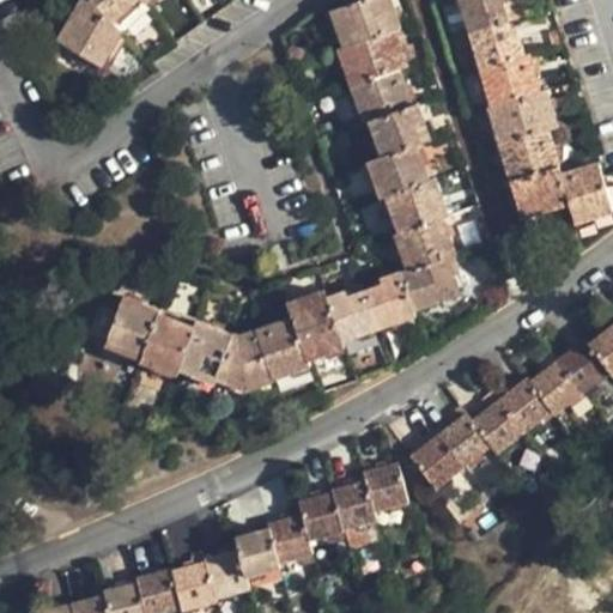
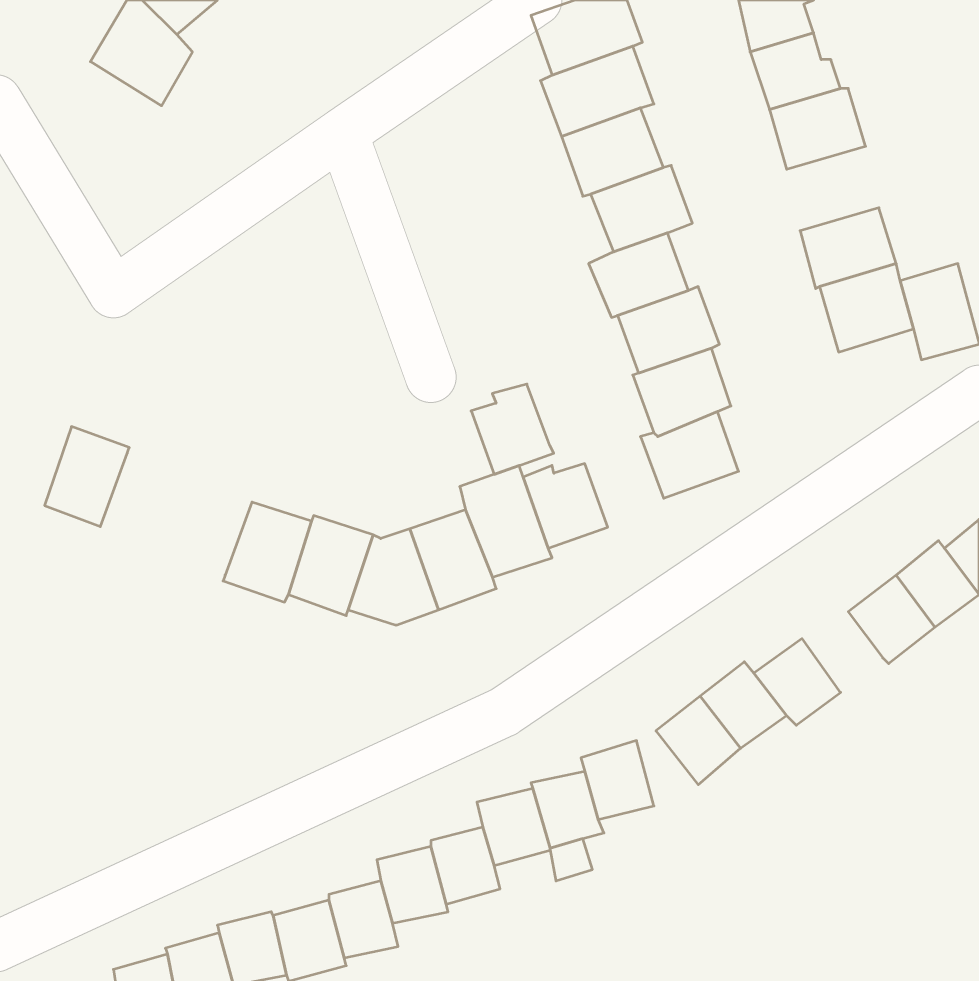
building: [486,92,557,145] -> none
building: [364,273,415,329] -> [471,384,554,474]
building: [105,297,158,359] -> [45,427,129,527]
building: [499,378,550,432] -> none

